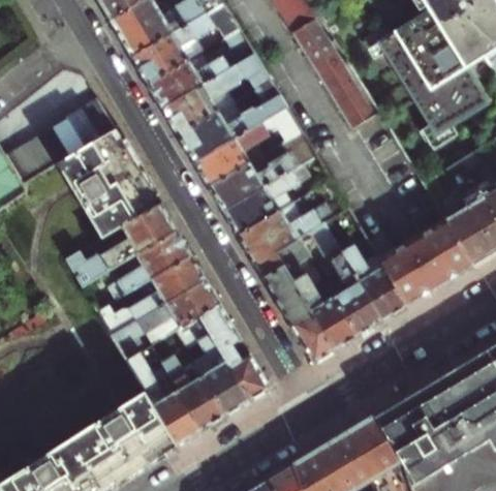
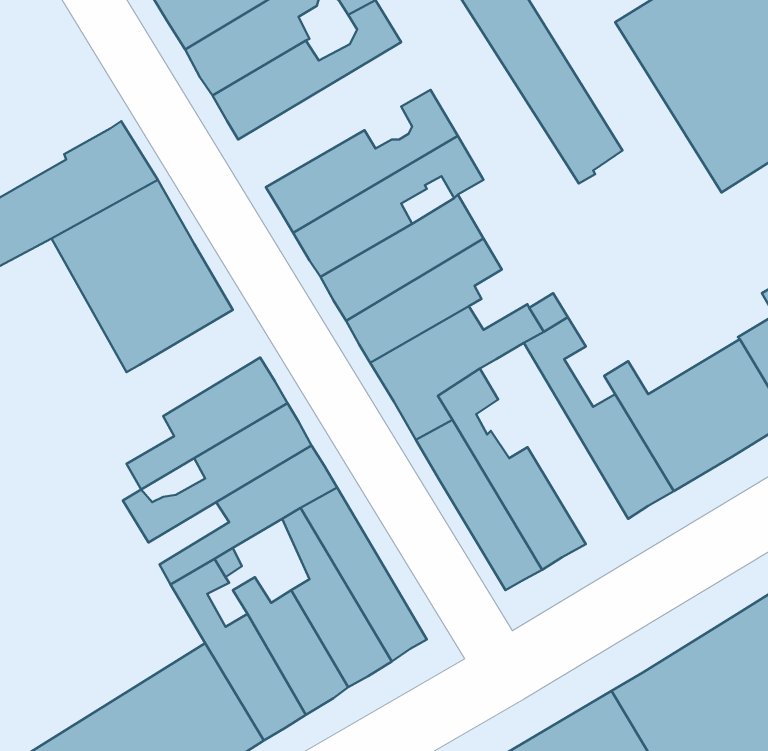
building: [162,52,271,133] -> none
building: [67,203,175,284] -> none
building: [308,221,382,335] -> none

